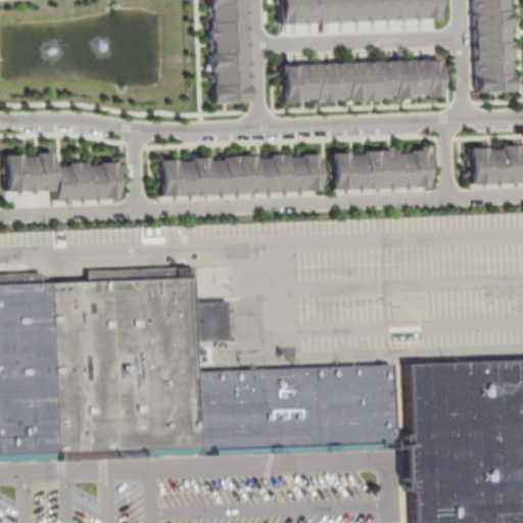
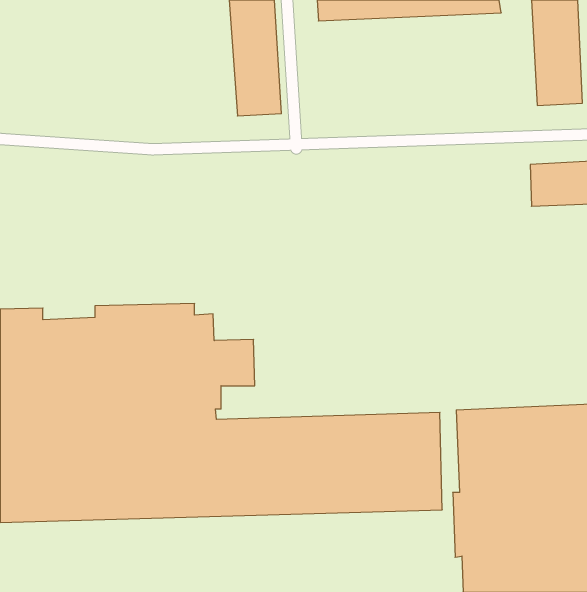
building: [282,56,444,102] -> none
building: [332,147,430,191] -> none
building: [161,150,323,198] -> none
building: [9,153,121,200] -> none

